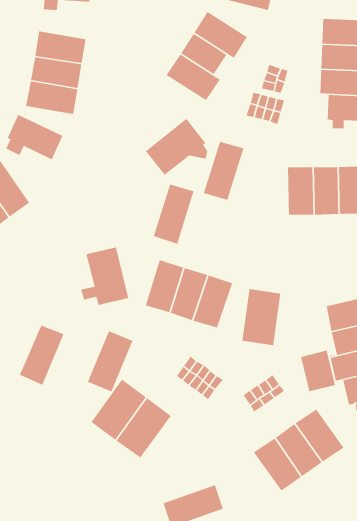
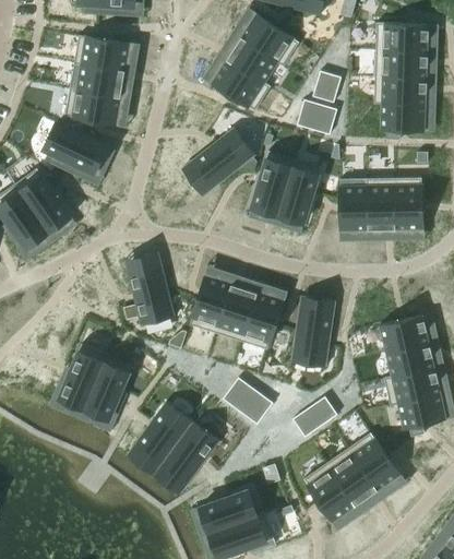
building: [153,184,194,245] -> [277,159,321,224]
building: [87,330,134,392] -> [83,355,132,420]
building: [300,350,336,392] -> none
building: none -> [200,490,264,533]

